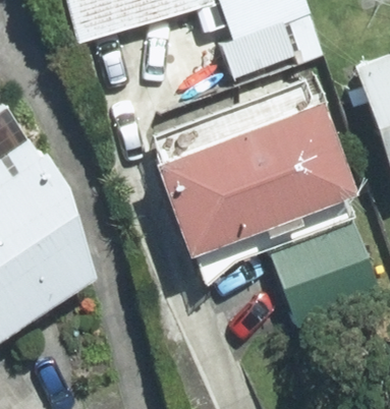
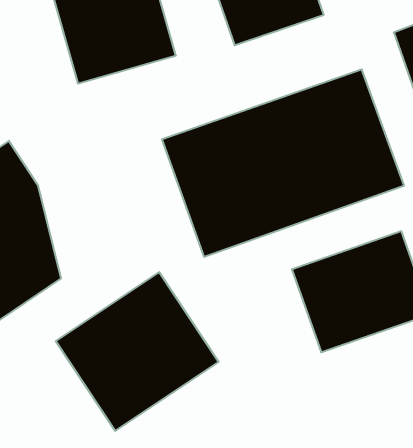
building: none -> [56,272,219,431]

